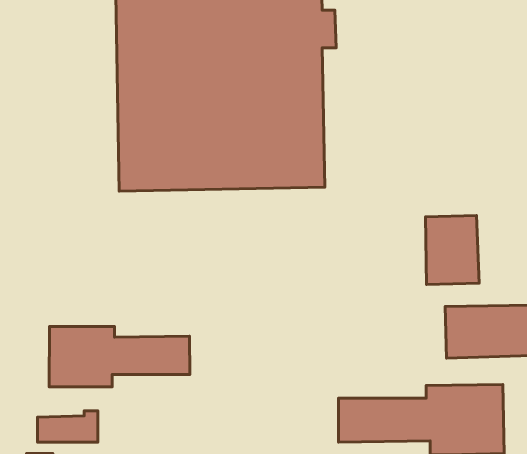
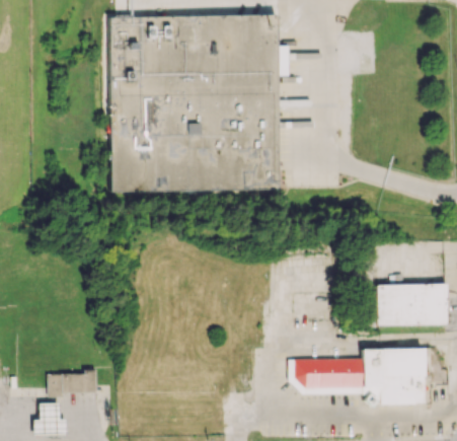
building: [425,216,479,284] -> none
building: [49,326,190,387] -> none

